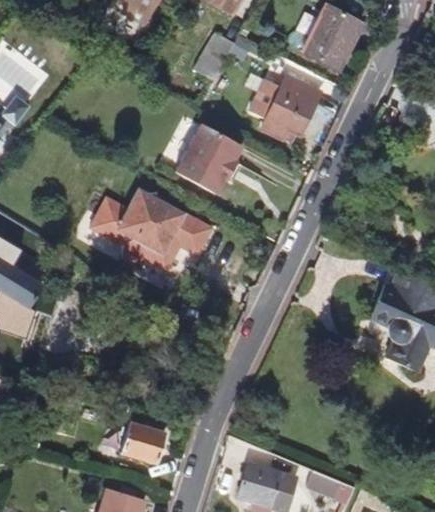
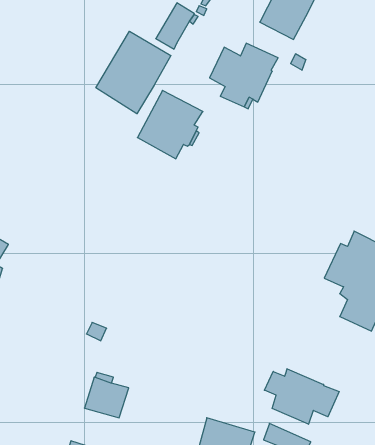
building: none -> [96,31,171,114]
building: [77,181,195,258] -> none
building: none -> [264,369,339,424]

